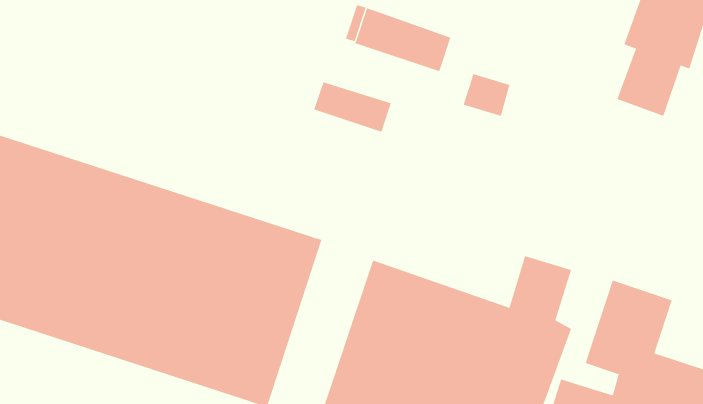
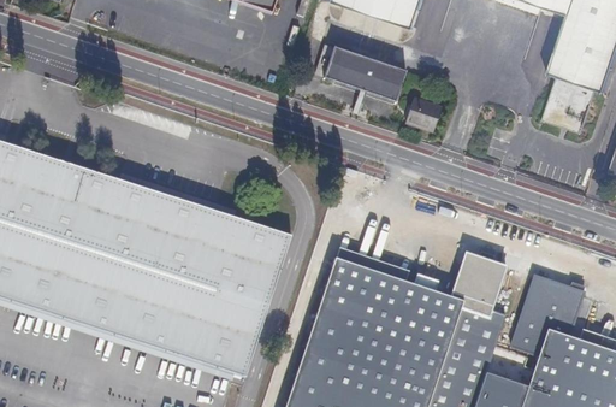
building: [314,81,392,133] -> none

